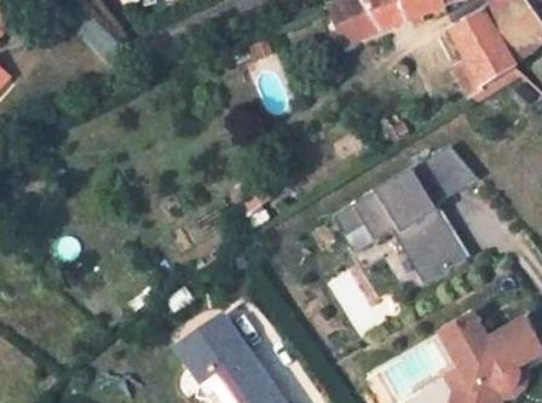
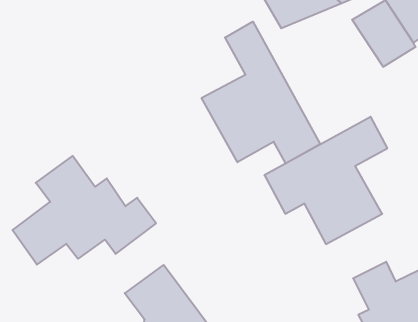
building: none -> [202,22,320,164]
building: none -> [12,156,156,265]

